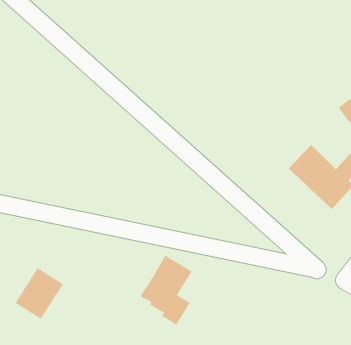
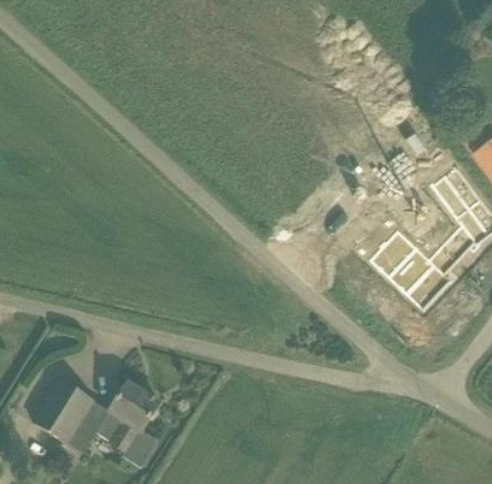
building: [140,255,192,326] -> [95,379,160,466]

